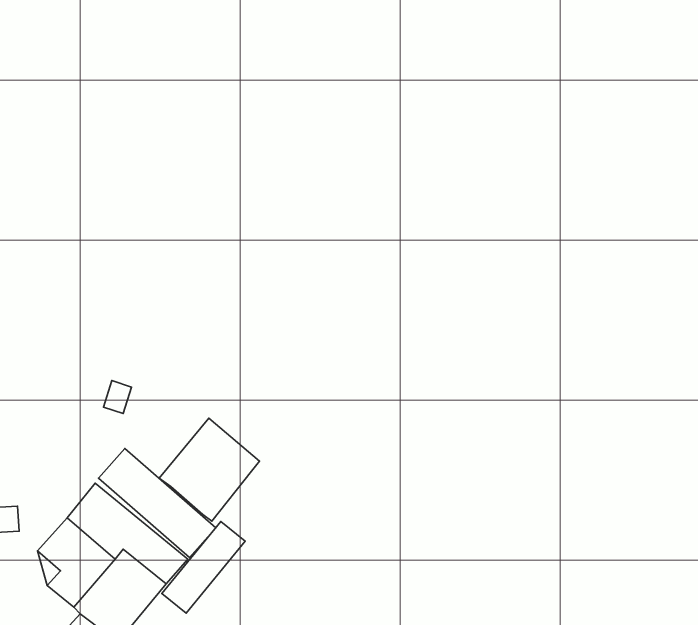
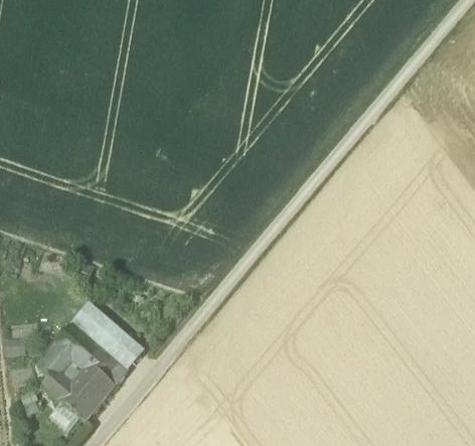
building: [159,418,260,521] -> none
building: [162,522,245,613] -> none

